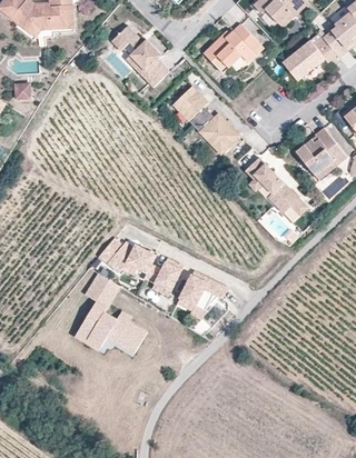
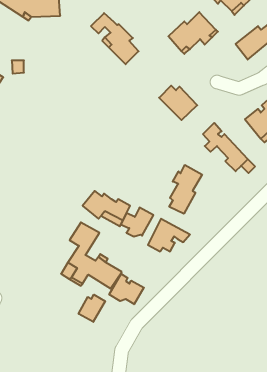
building: [170,86,206,126] -> none
building: none -> [169,165,202,214]
building: none -> [109,274,144,304]
building: none -> [79,295,105,322]

